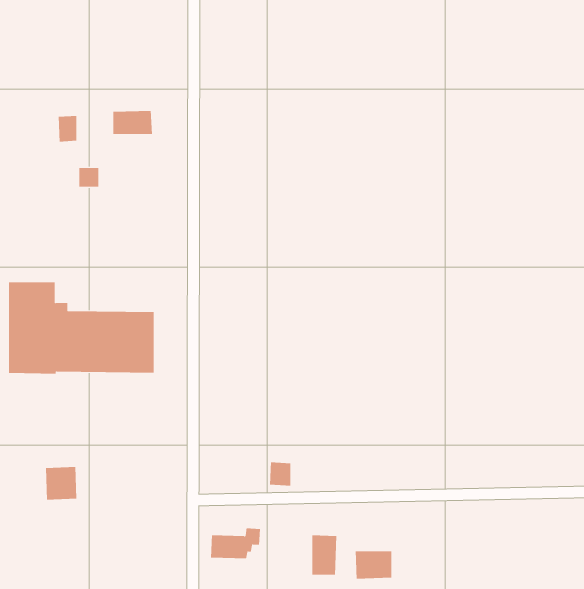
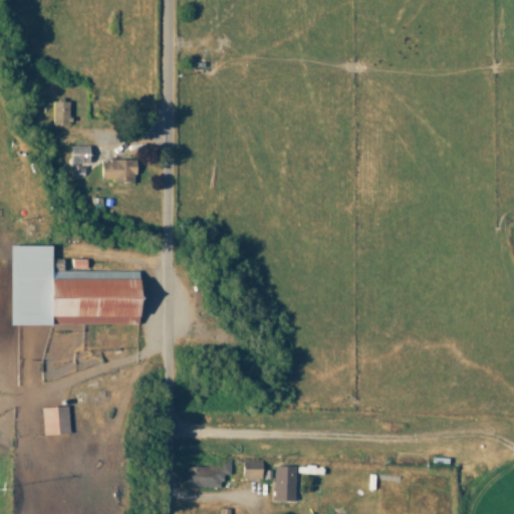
building: [112,110,153,135] -> [103,161,139,182]
building: [269,462,291,486] -> [245,459,264,480]
building: [355,550,392,579] -> none

